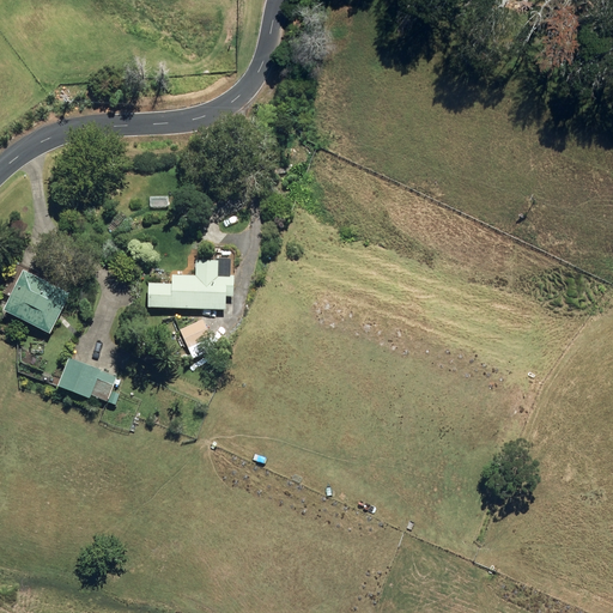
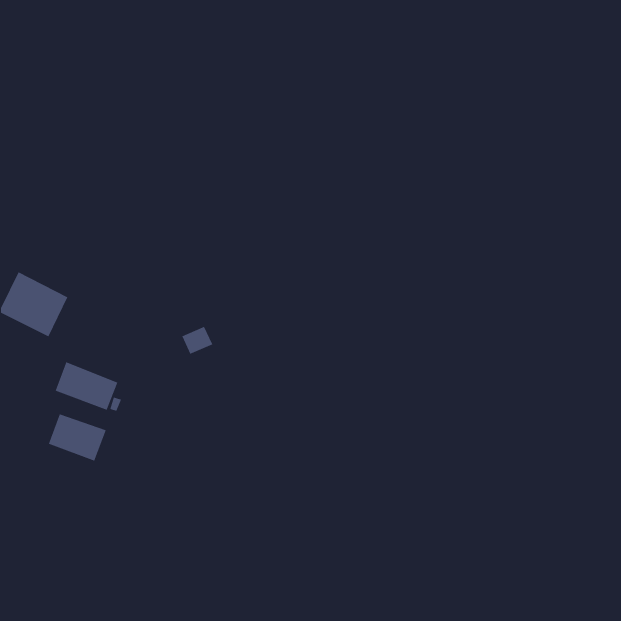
building: [147,262,233,310] -> none
building: none -> [48,413,106,462]

